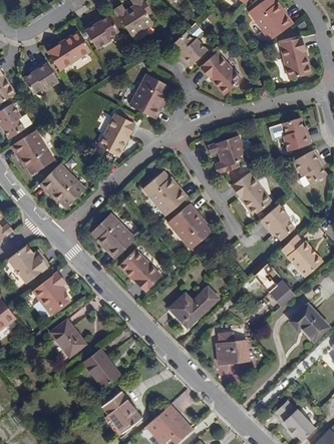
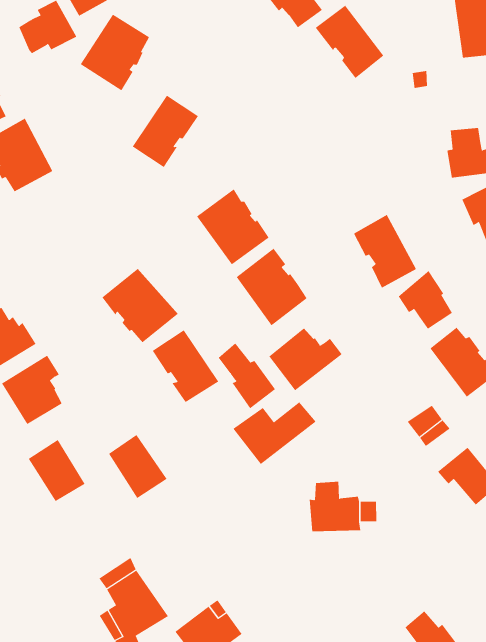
building: [128,73,169,118] -> [80,14,150,91]
building: [208,134,246,173] -> none
building: [40,164,85,207] -> none
building: none -> [268,328,343,391]
building: none -> [218,343,276,409]
building: [83,350,119,388] -> [108,434,167,499]

